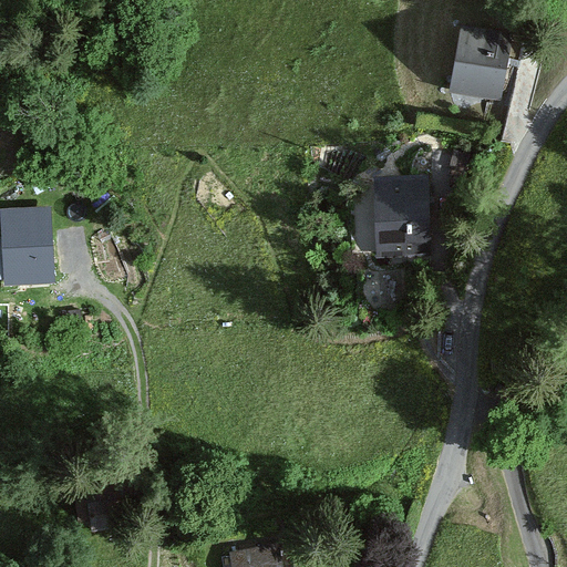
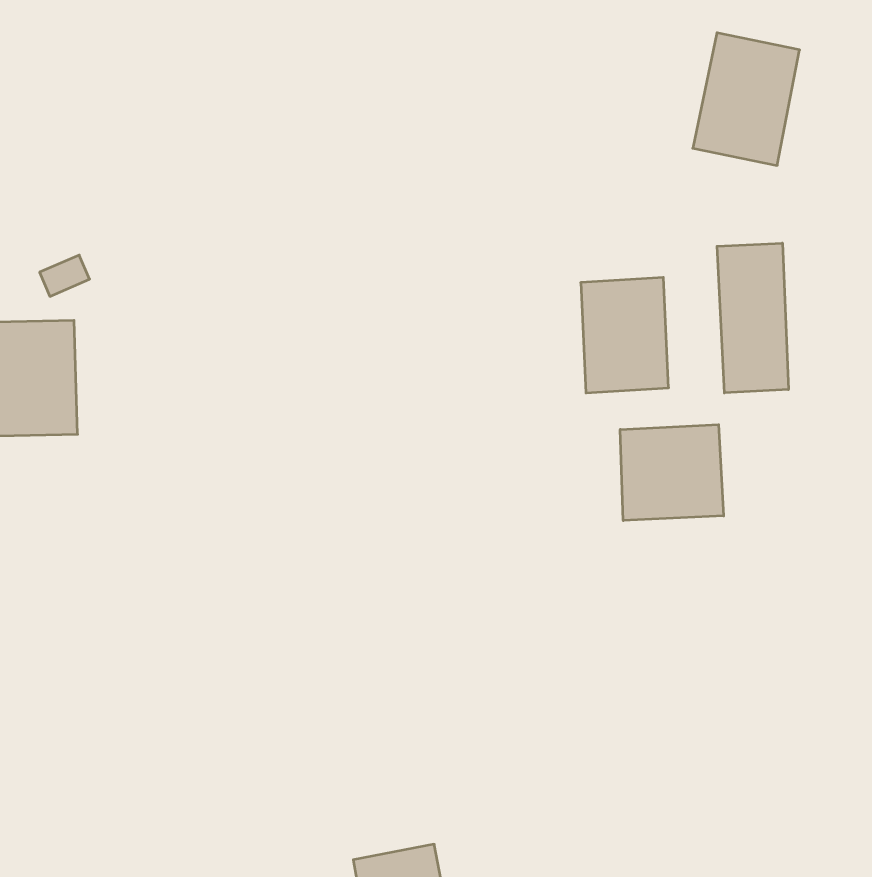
building: none -> [717,243,788,393]
building: none -> [620,425,724,521]

